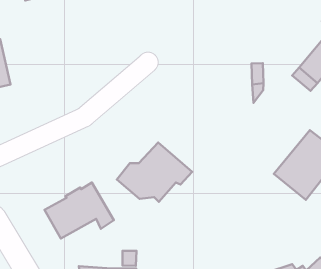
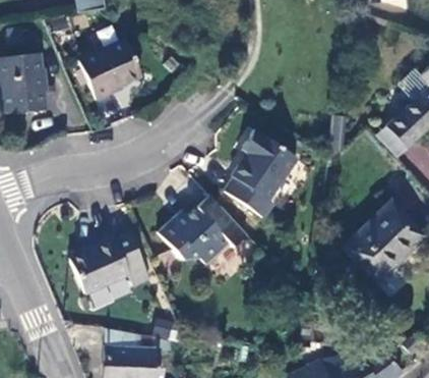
building: none -> [77,41,140,100]
building: none -> [227,130,297,218]

